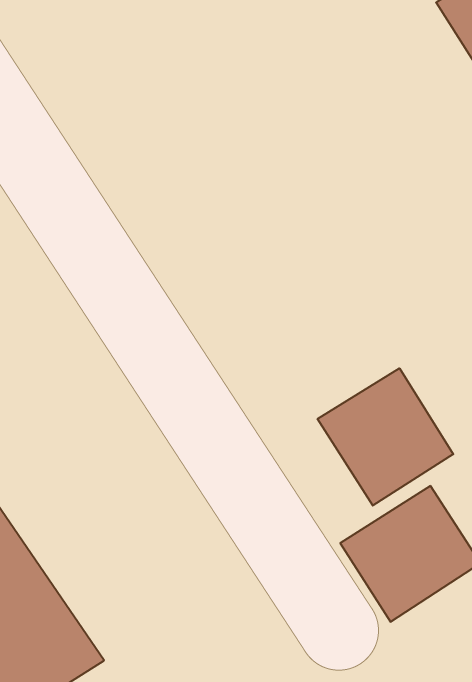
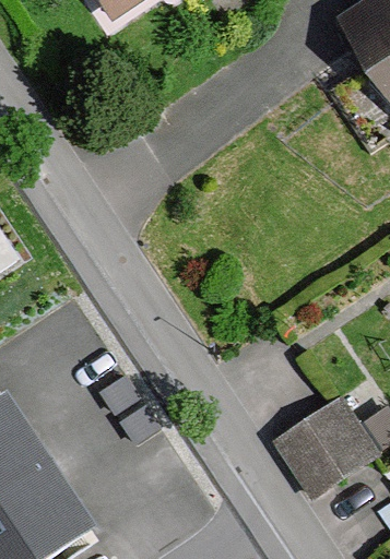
building: [318,368,453,506] -> none

